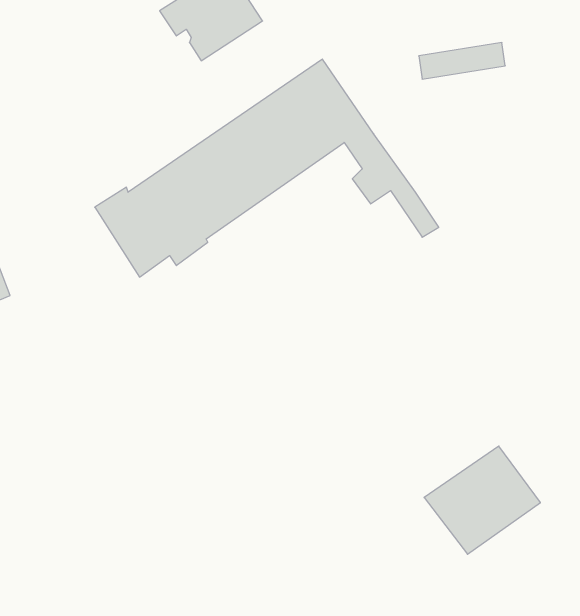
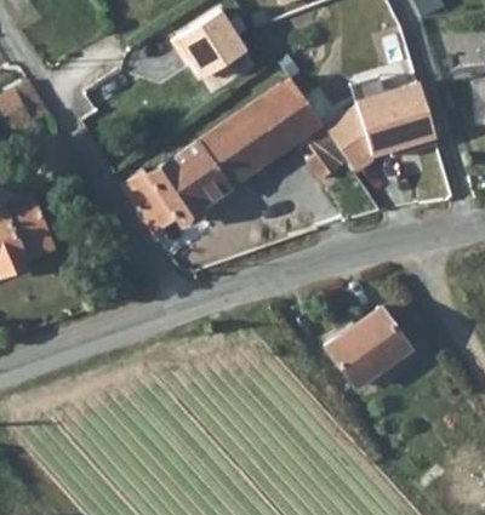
building: none -> [324,85,439,173]
building: [424,446,540,554] -> [326,308,411,387]

